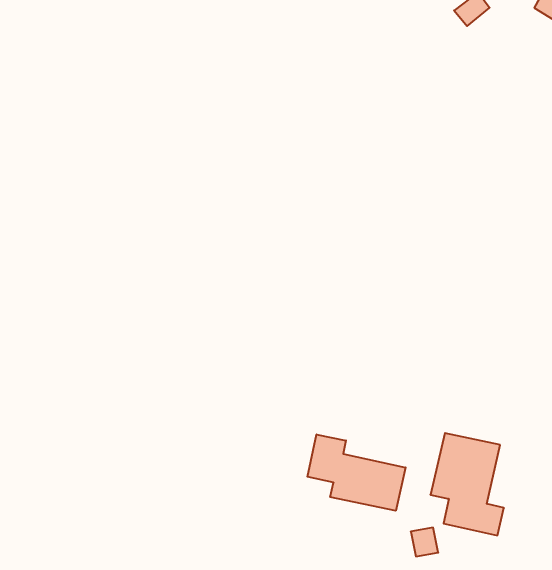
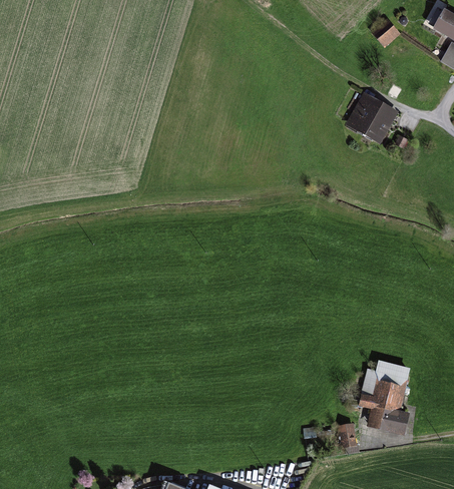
building: none -> [345,90,399,143]
building: [307,434,406,511] -> none

